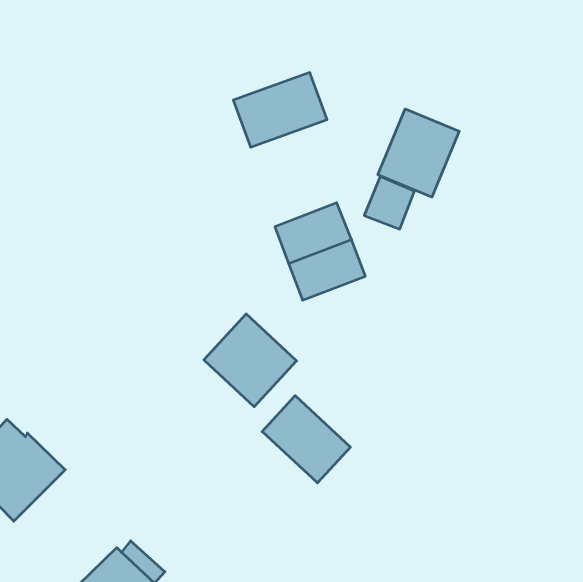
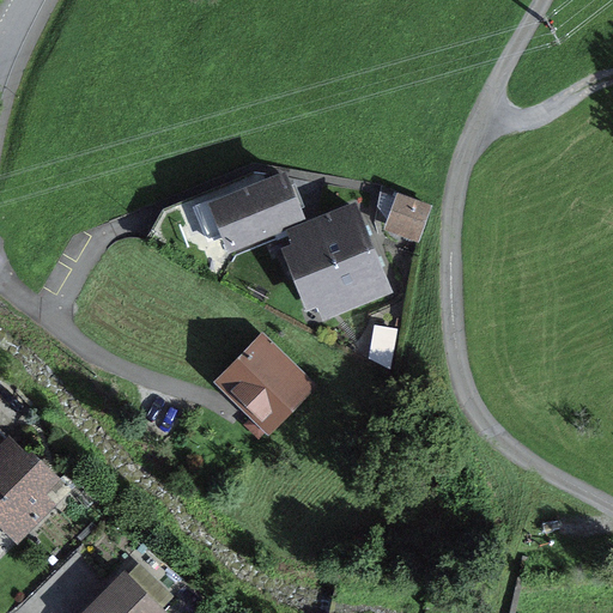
building: [233,73,327,147] -> [204,174,302,251]
building: [378,109,459,197] -> none
building: [262,396,350,483] -> none

